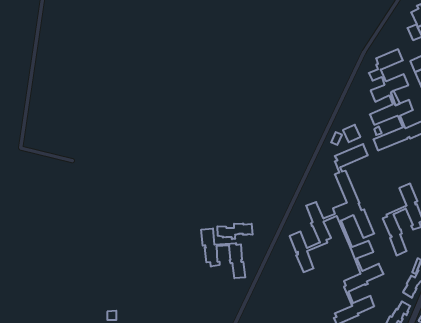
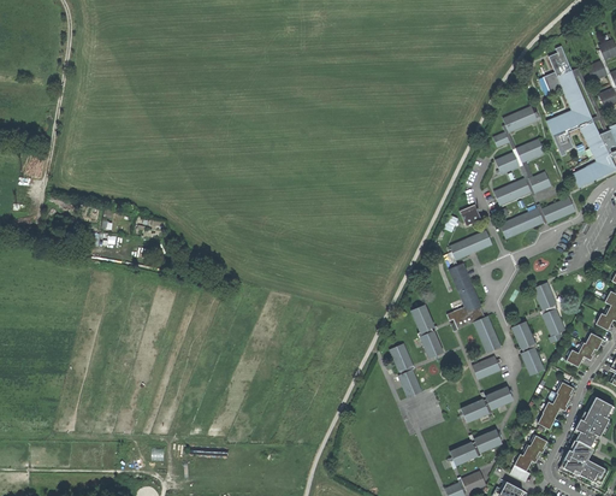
building: [217,223,253,239] -> none
building: [201,228,245,278] -> none

